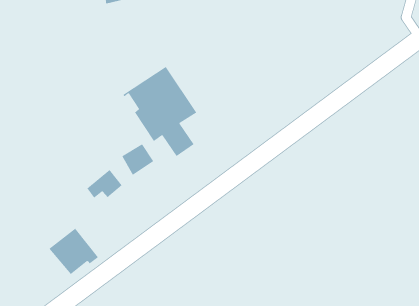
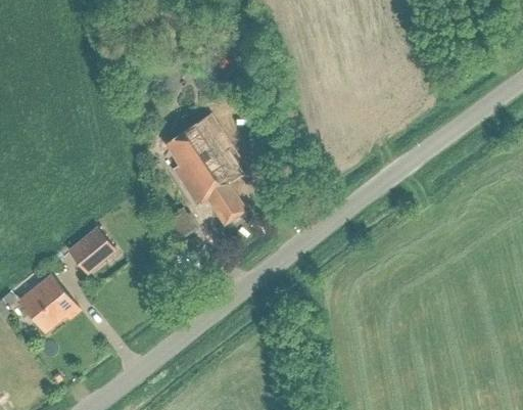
building: [86,169,122,199] -> [69,228,113,264]
building: [49,228,99,275] -> [19,275,81,332]

